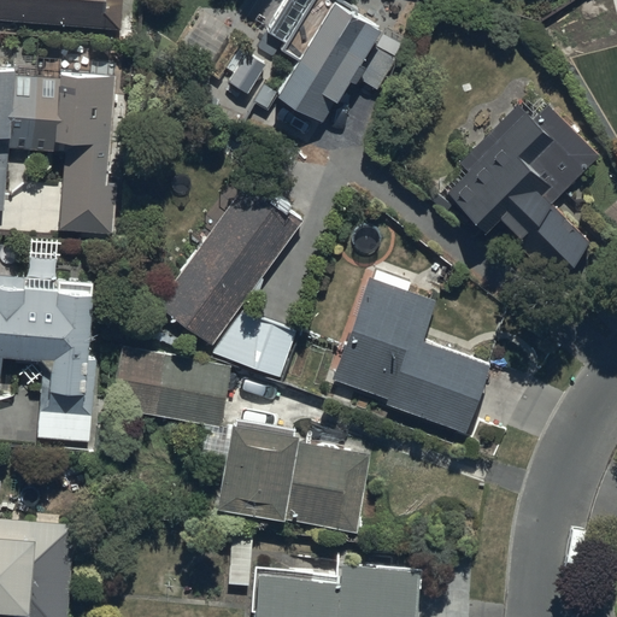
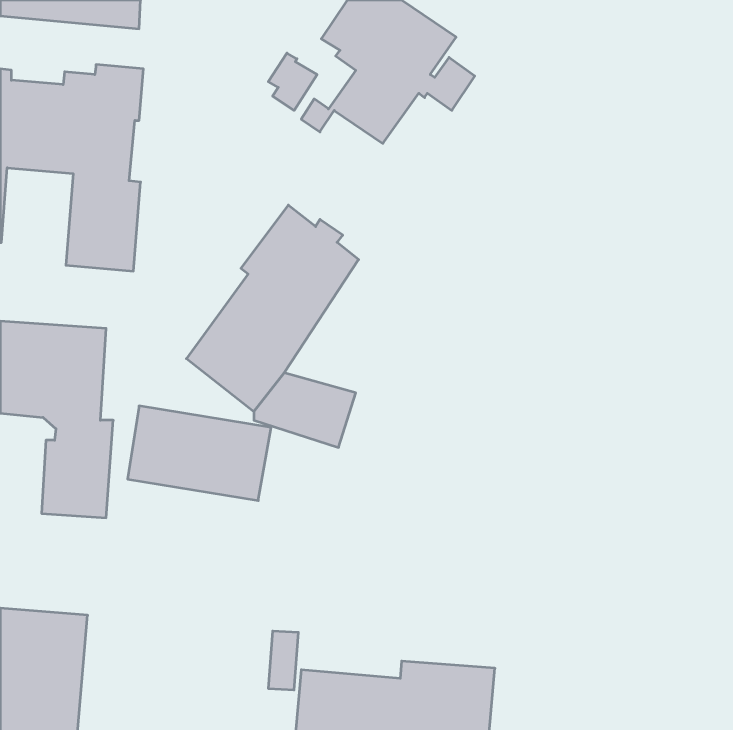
building: [447,105,601,278] -> none
building: [331,276,489,434] -> none
building: [217,423,372,536] -> none

